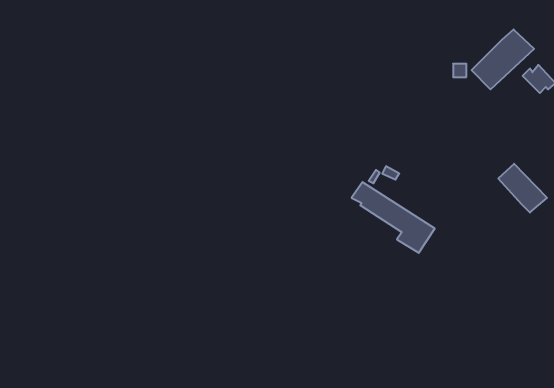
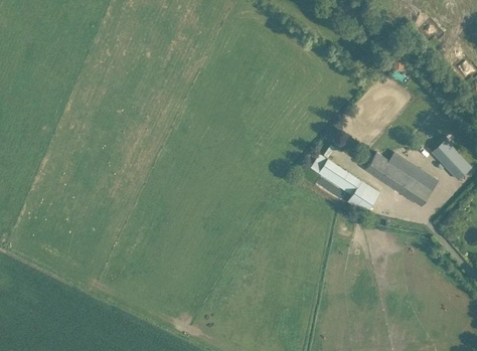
building: [472,29,534,89] -> none
building: none -> [365,152,436,204]

